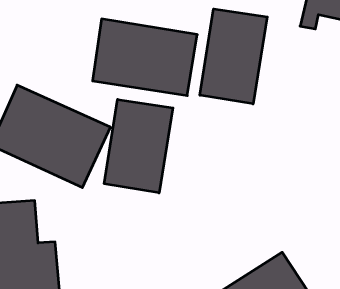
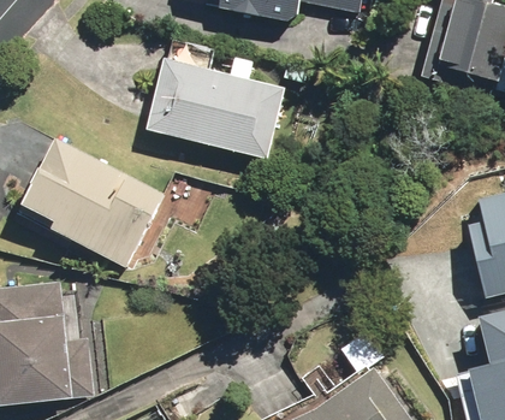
building: [200,9,267,104] -> none
building: [104,99,173,193] -> none

